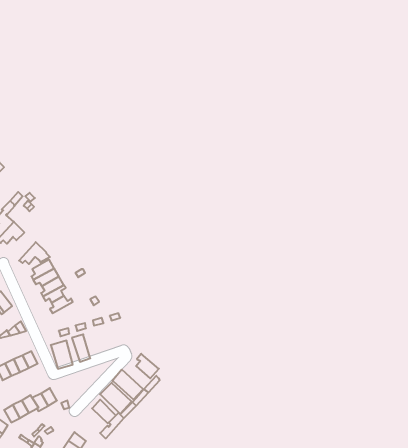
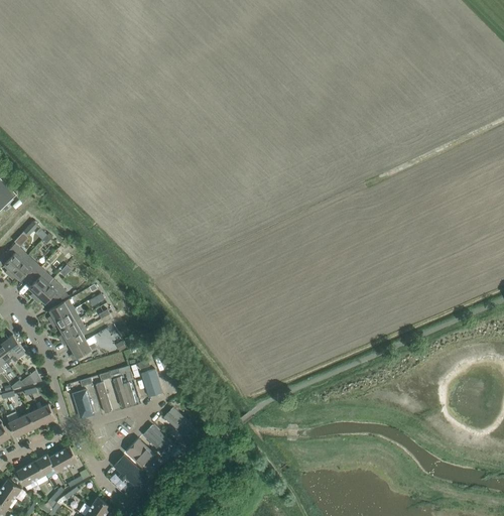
building: none -> [28,267,52,299]
building: none -> [141,373,165,400]
building: none -> [112,378,136,412]

